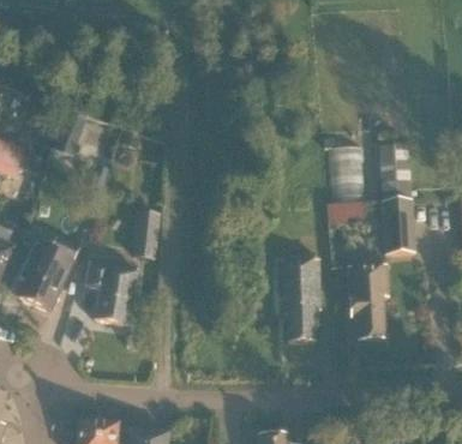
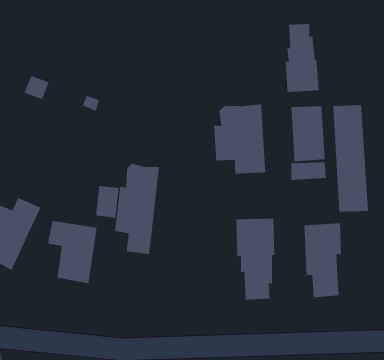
building: none -> [285,23,319,93]
building: none -> [213,103,266,175]
building: none -> [115,163,160,255]

